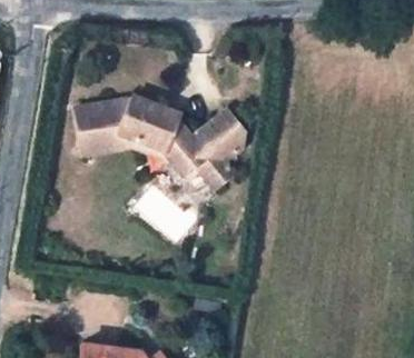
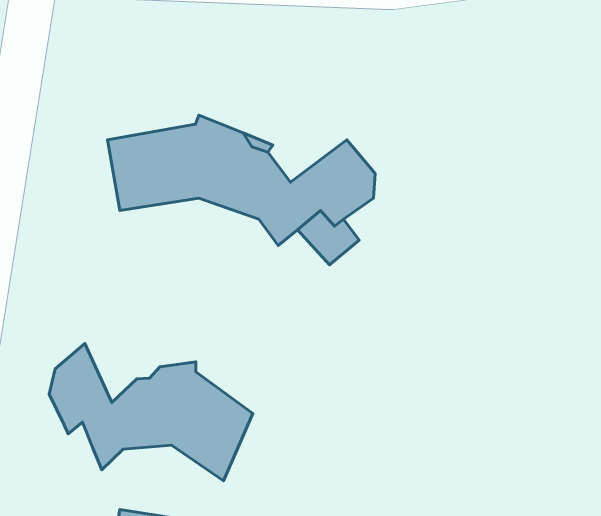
building: none -> [49,343,253,481]

